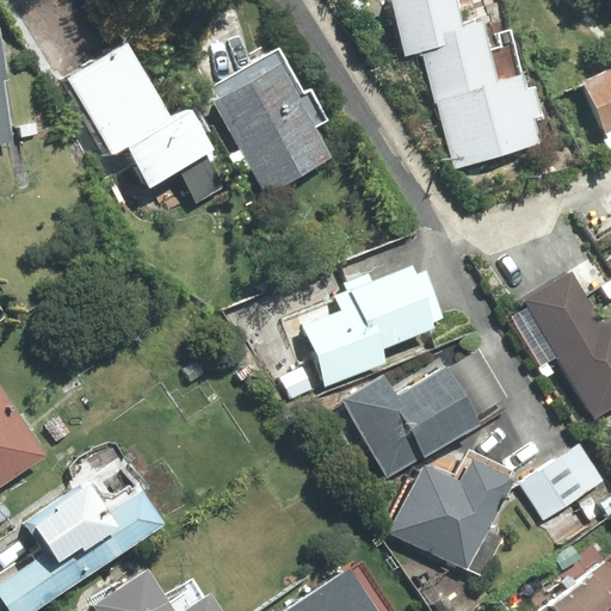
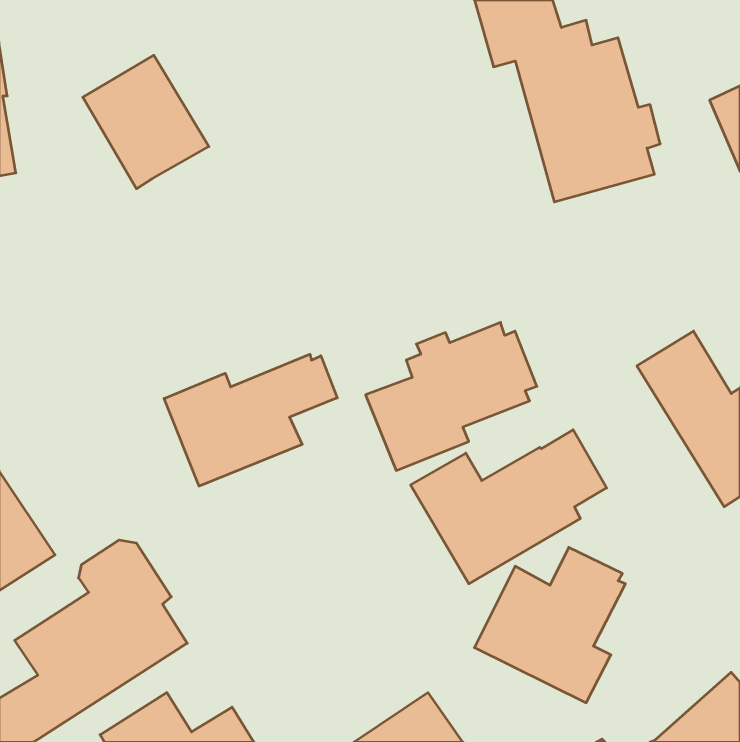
building: [205,48,334,197] -> none
building: [125,110,224,203] -> none
building: none -> [164,354,337,486]
building: [518,446,601,521] -> none

